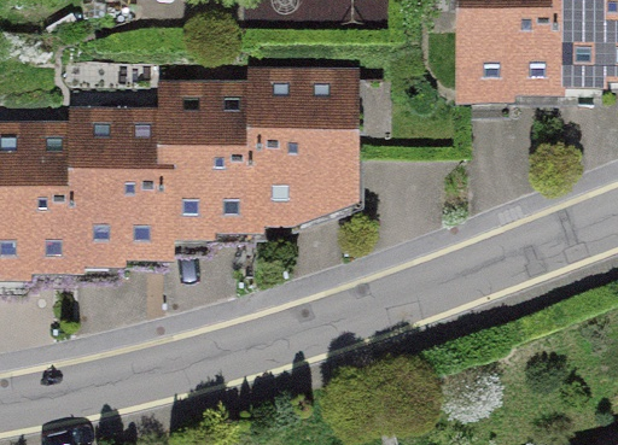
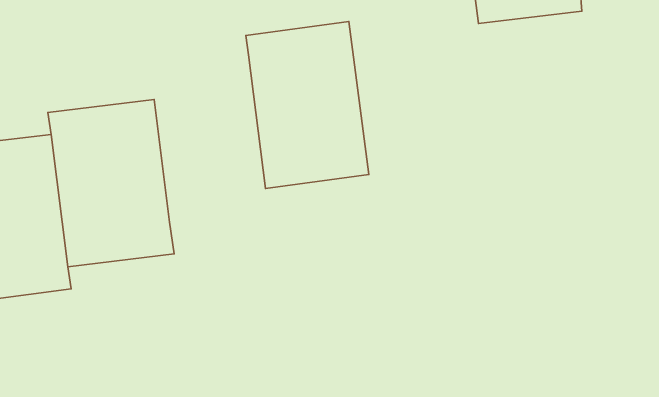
building: [168,92,257,228] -> none

